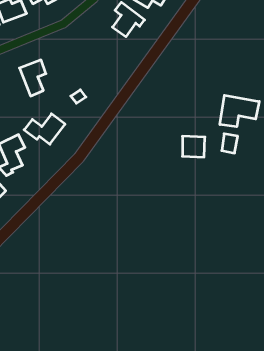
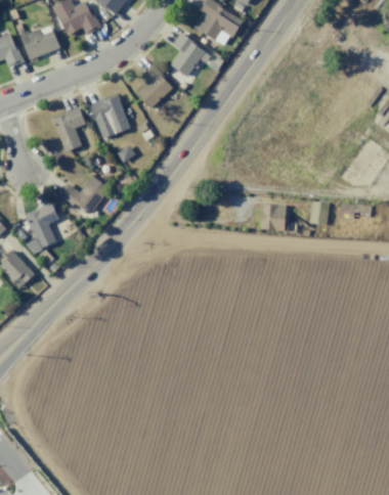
building: none -> [136,63,172,109]
building: none -> [89,93,131,139]
building: [220,95,259,127] -> none

